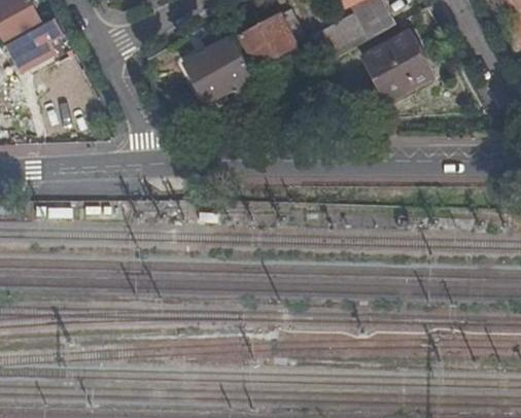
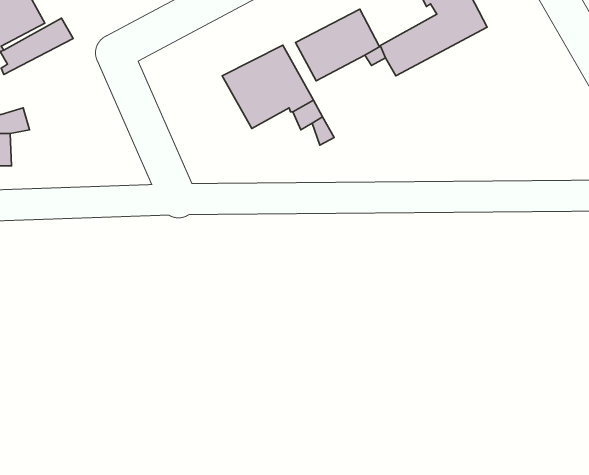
building: [362,27,432,100] -> none

